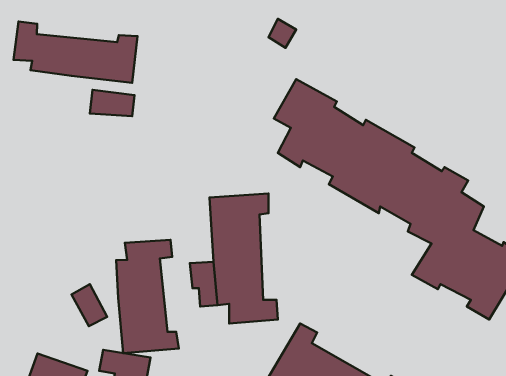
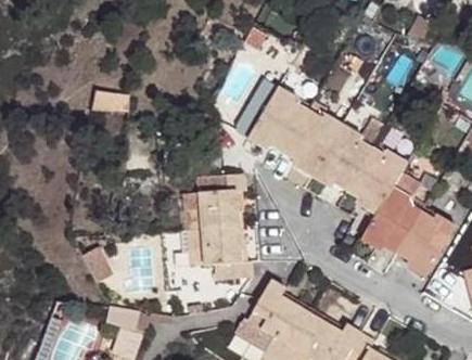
building: [13,22,137,83] -> none
building: [116,240,179,353] -> none

